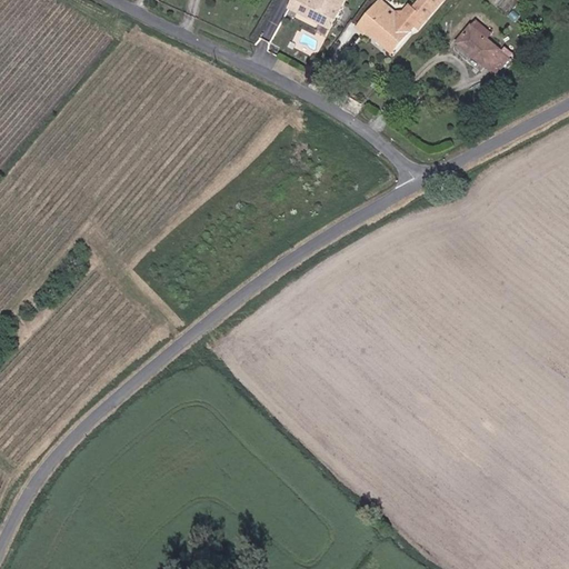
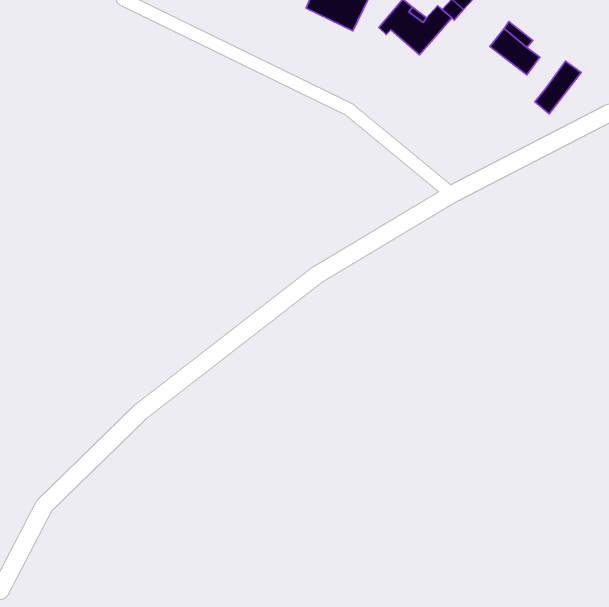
building: none -> [535,61,581,114]

